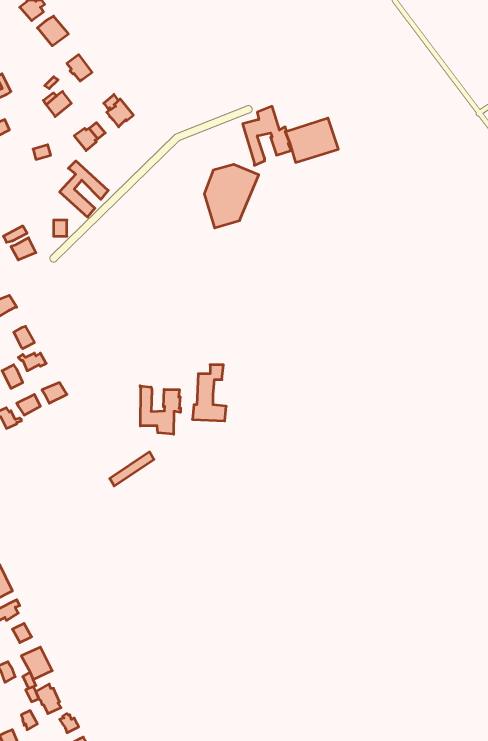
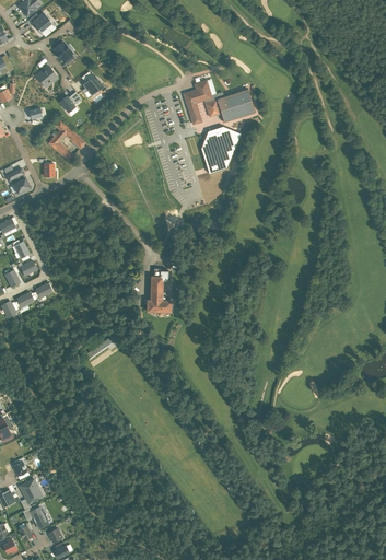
building: [204,164,259,228] -> [200,126,241,173]
building: [140,386,181,434] -> none

